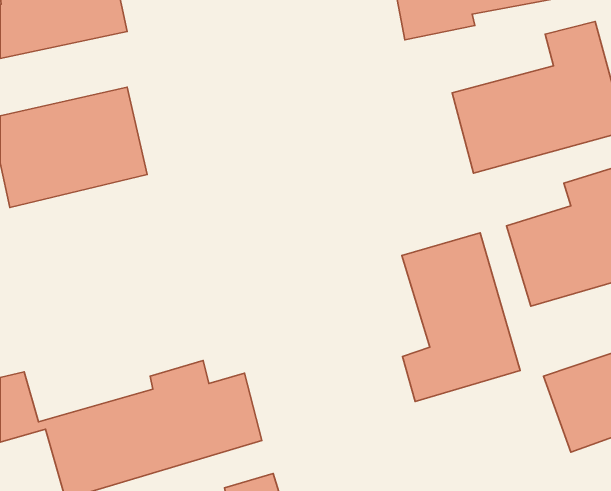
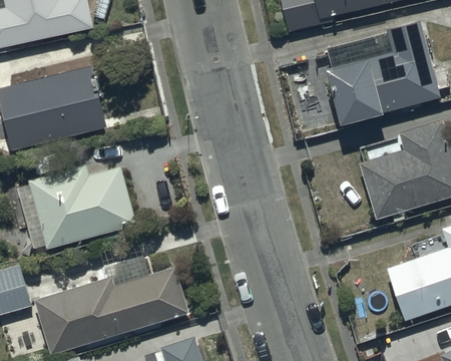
building: none -> [16,163,136,250]
building: [402,233,520,402] -> none

